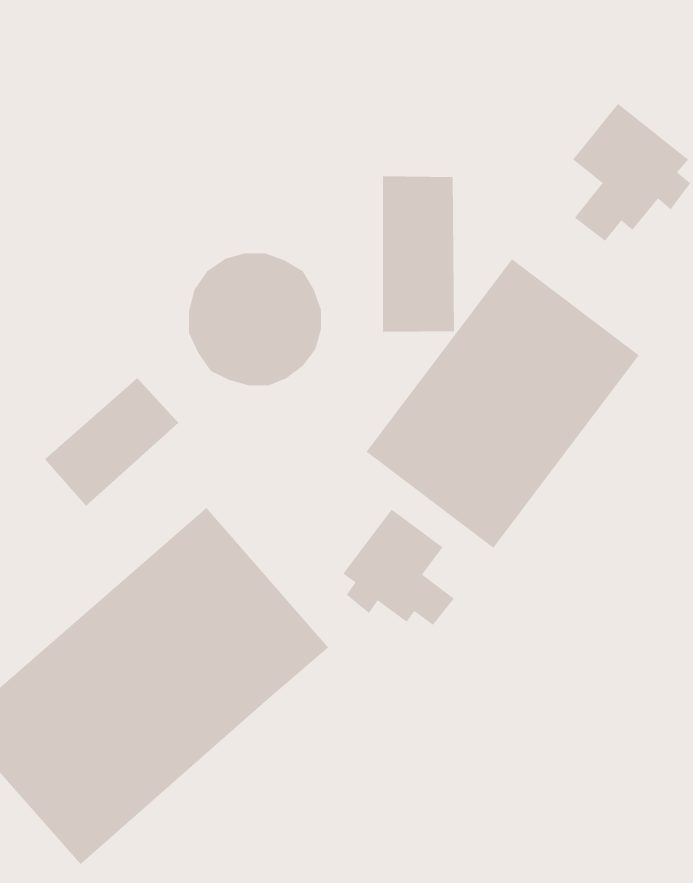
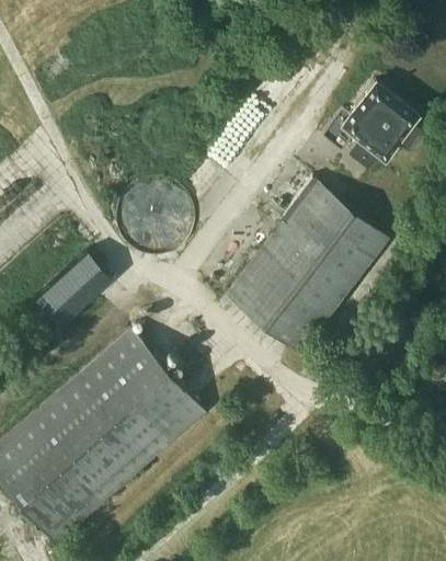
building: [382,176,455,333] -> none
building: [342,509,455,626] -> none

